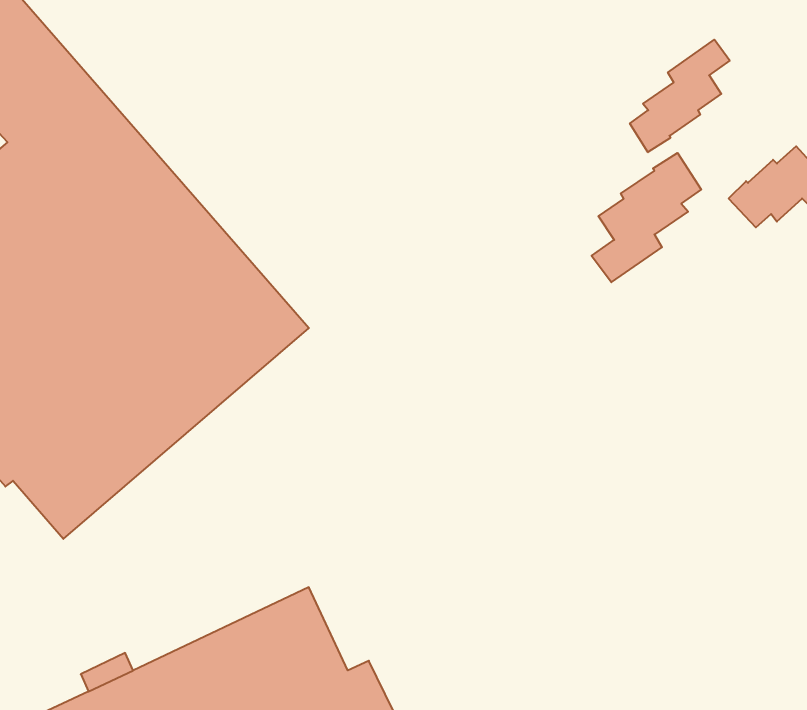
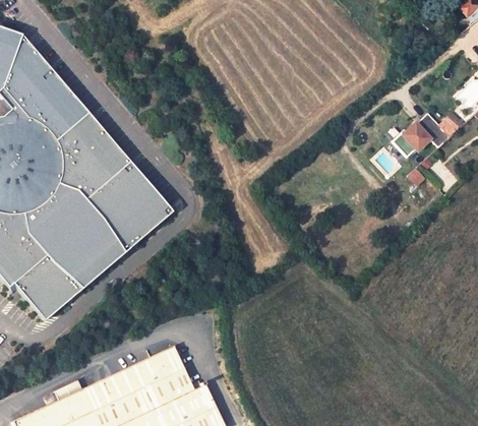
building: [630,40,730,152] -> none
building: [592,153,701,282] -> none

